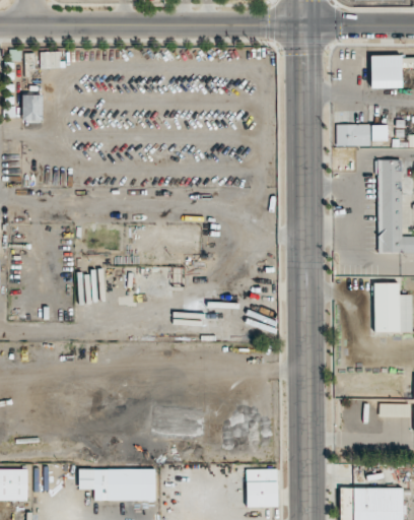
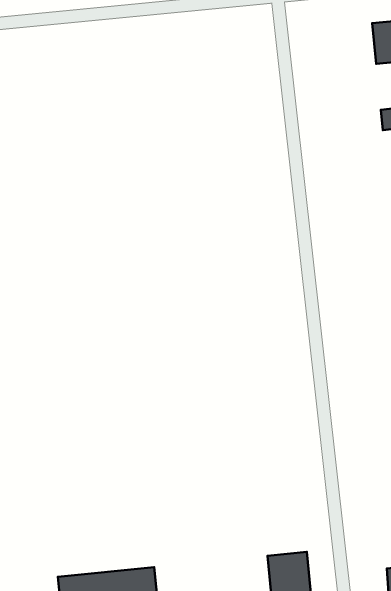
building: [337,125,358,146] -> none

